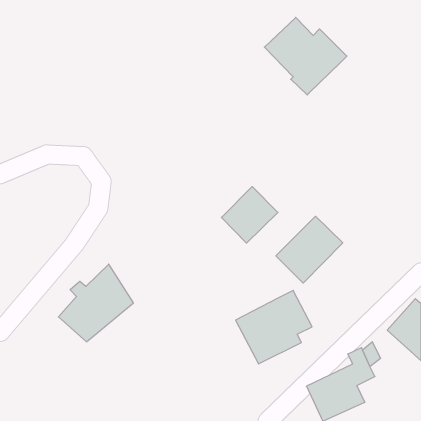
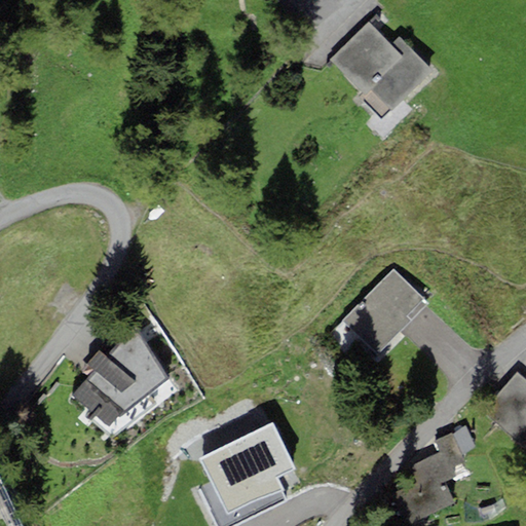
building: [221,187,278,243] -> none
building: [236,290,312,364] -> [199,421,295,513]

